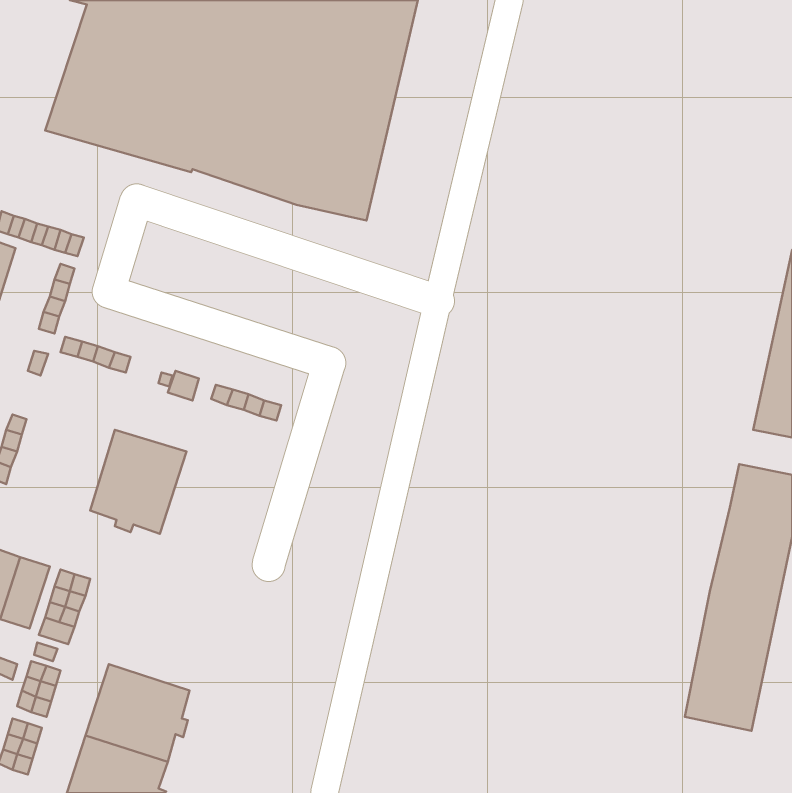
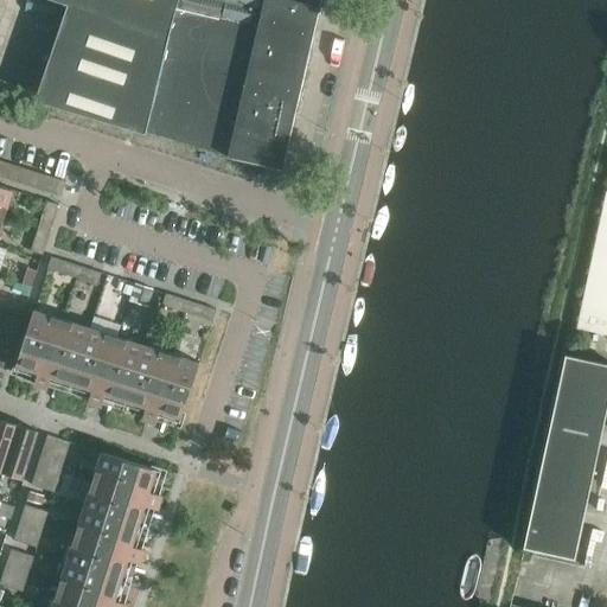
building: none -> [13,311,88,390]
building: none -> [122,345,198,426]
building: none -> [83,453,162,528]

